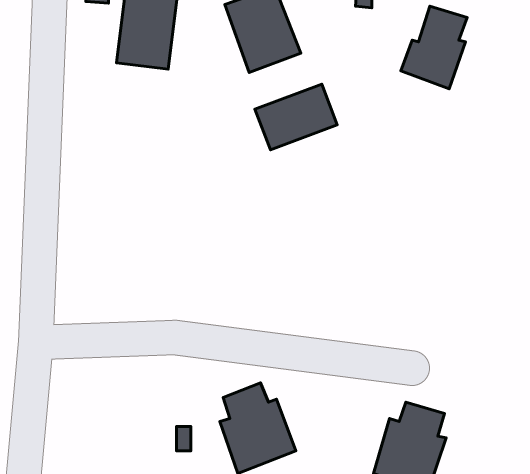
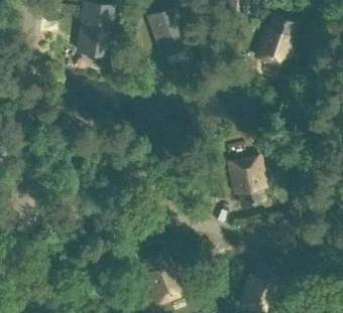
building: [255,84,337,150] -> none
building: none -> [228,157,263,206]

